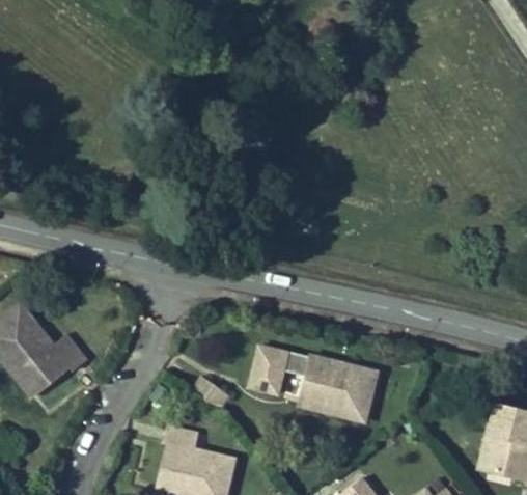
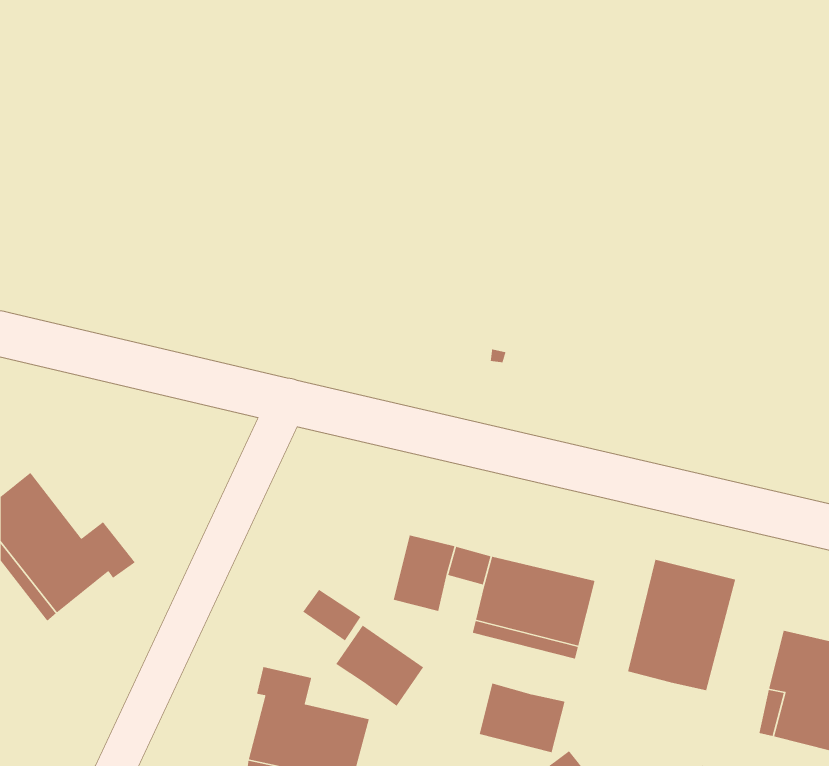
building: none -> [627,559,736,691]
building: none -> [335,624,424,707]
building: none -> [479,683,565,753]

